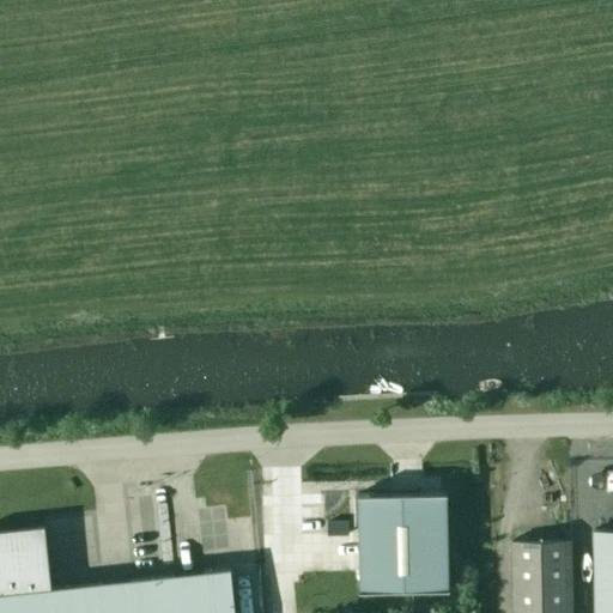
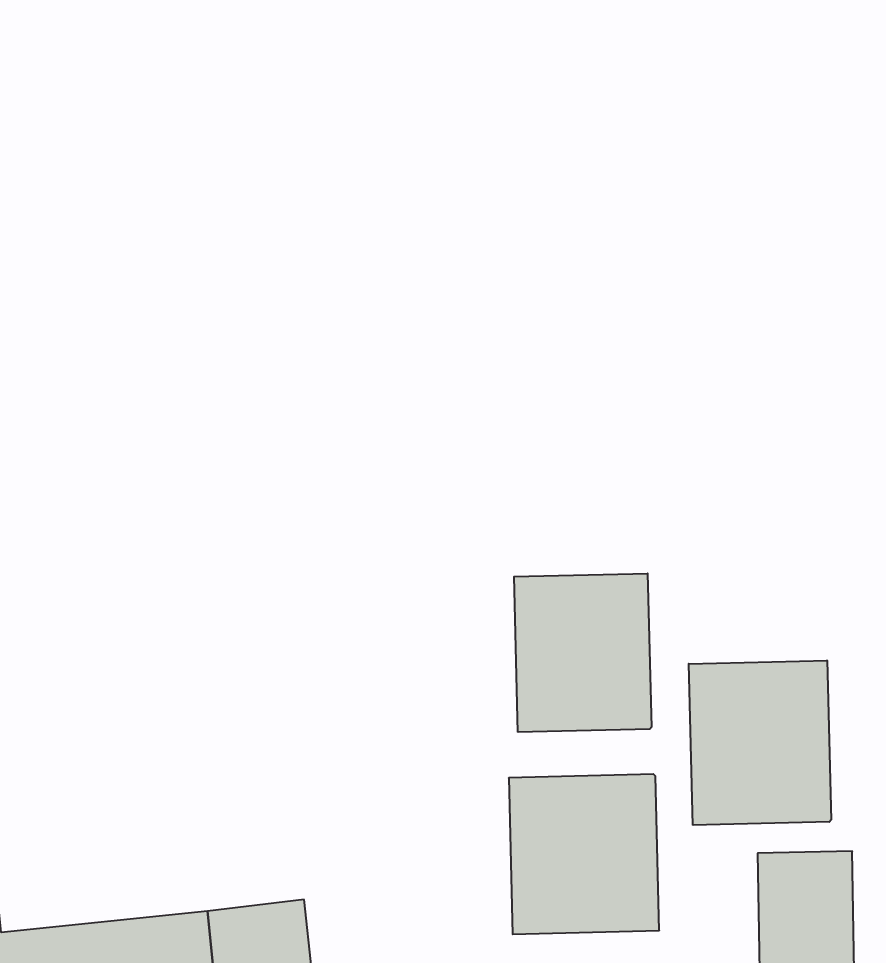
building: none -> [514,573,651,732]
building: none -> [689,660,831,825]

